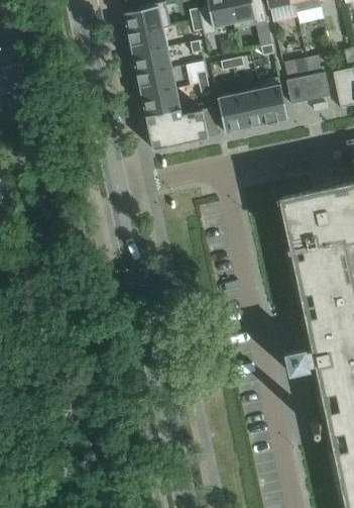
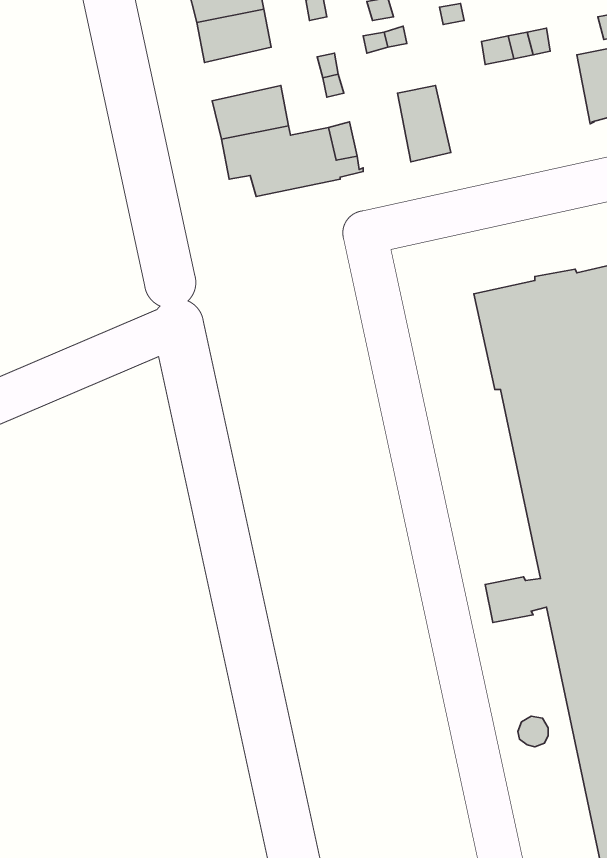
building: [136,68,176,96] -> none
building: [285,72,330,103] -> none
building: [256,77,287,123] -> none
building: [217,92,245,132] -> none

